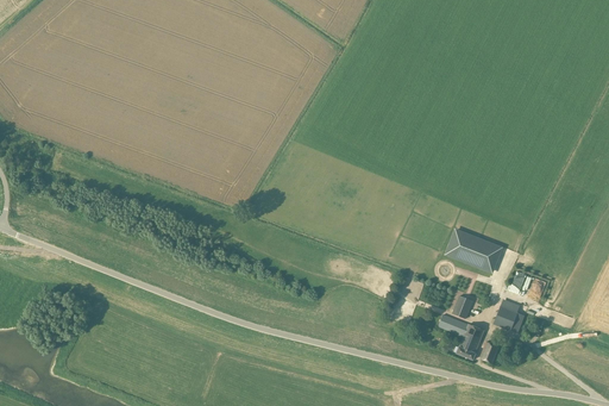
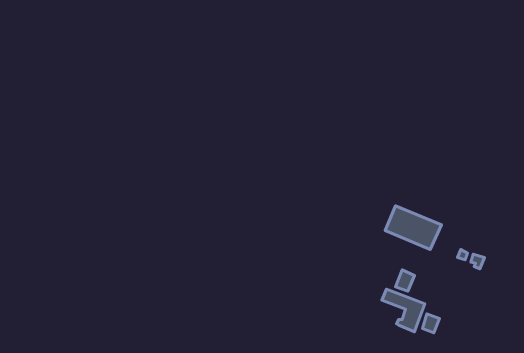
building: [494,305,526,332] -> none

